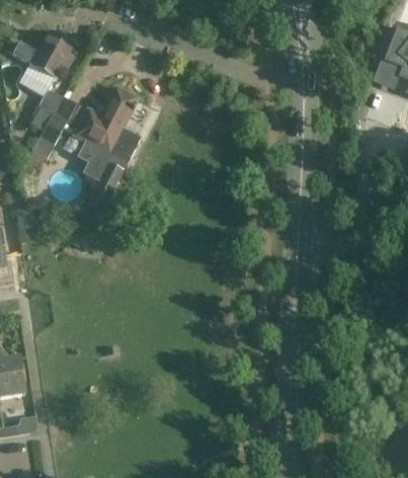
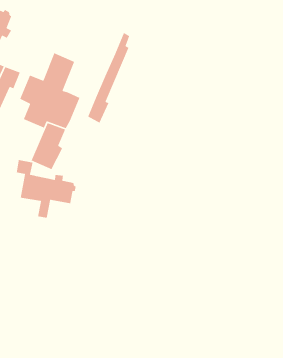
building: none -> [87,32,130,124]
building: none -> [16,159,76,218]

